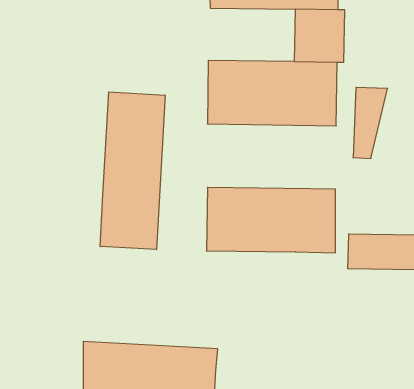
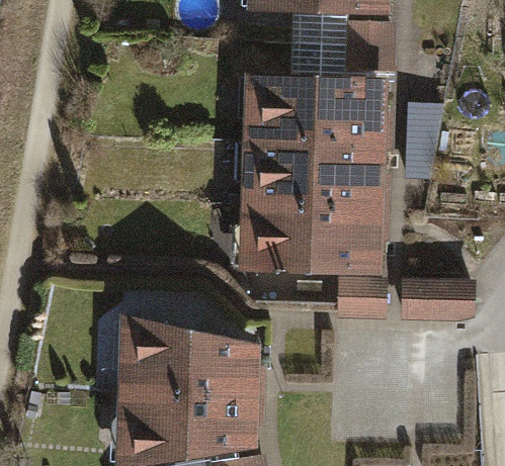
building: [100,92,165,250] -> none
building: none -> [247,153,387,223]
building: none -> [112,304,259,396]

